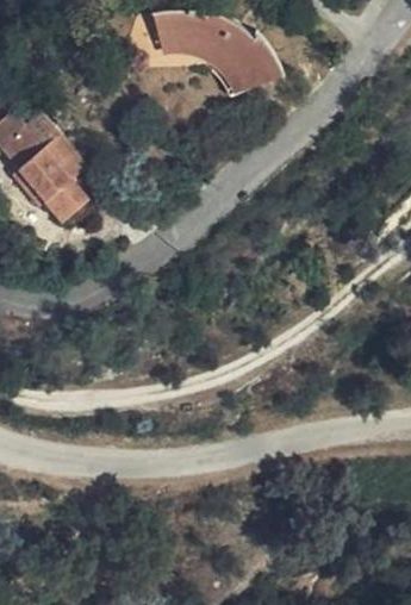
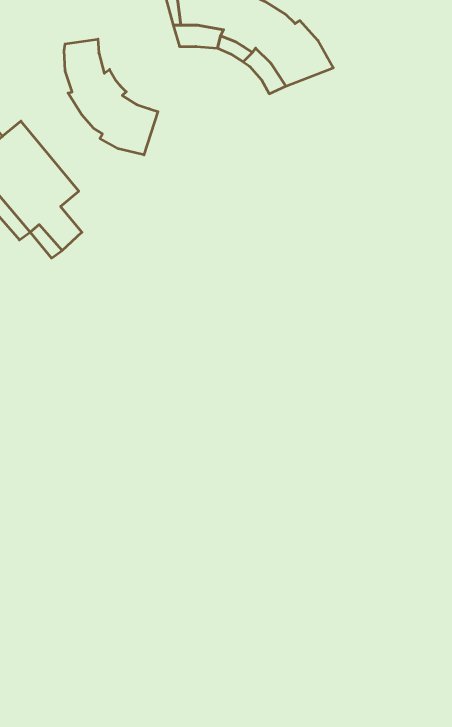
building: none -> [64,39,158,155]

